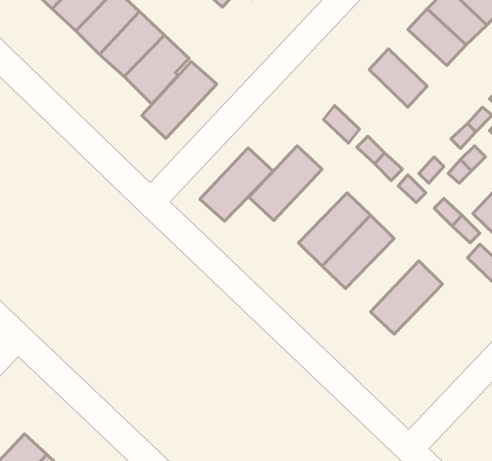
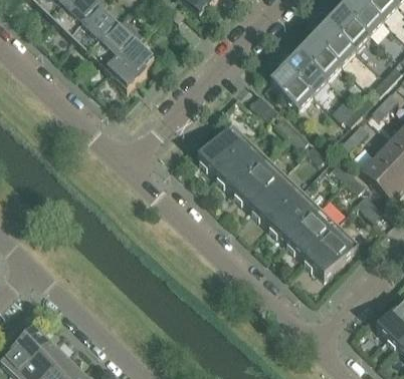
building: none -> [298,34,341,75]
building: [142,61,217,138] -> none
building: none -> [270,63,313,105]
building: [200,148,273,221] -> [215,135,268,188]
building: none -> [267,185,321,239]
building: none -> [302,219,359,275]

